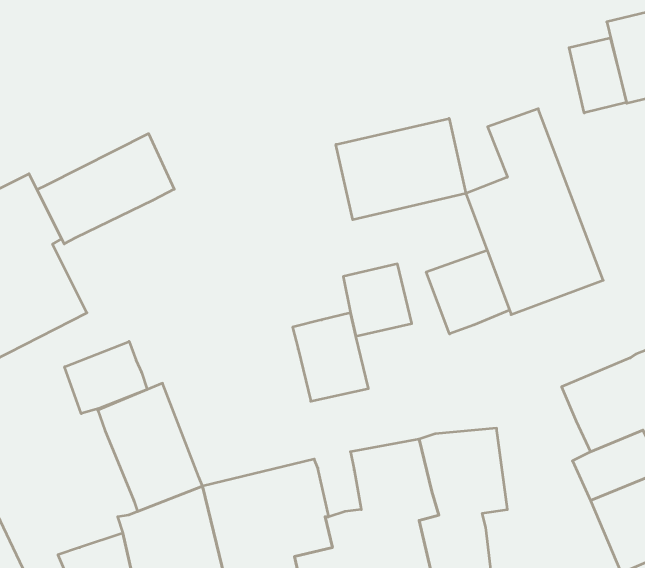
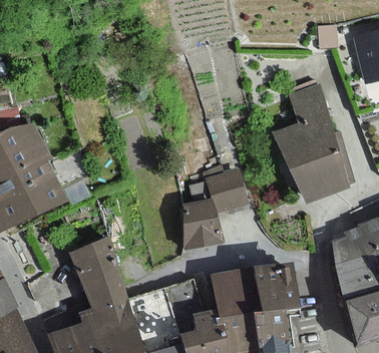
building: [569,38,626,113] -> none
building: [336,118,466,220] -> none
building: [37,134,174,244] -> none
building: [426,250,509,334] -> none
building: [65,341,147,414] -> none

